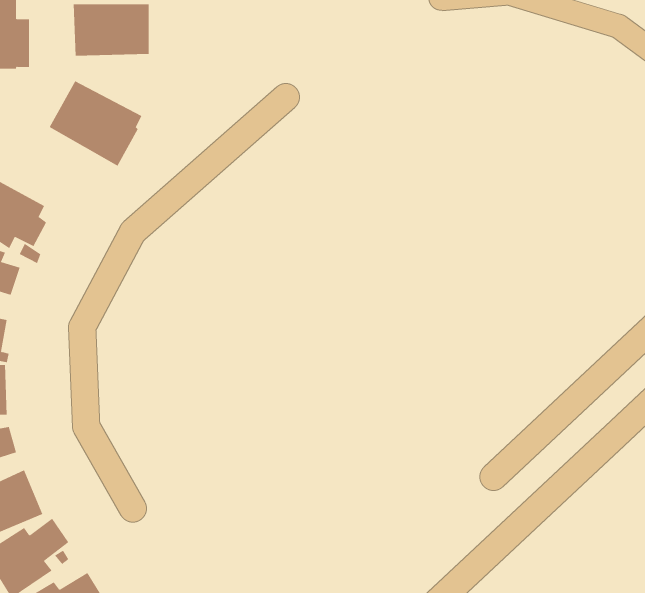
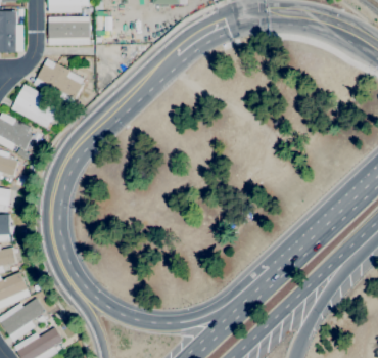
building: none -> [10,84,59,129]

